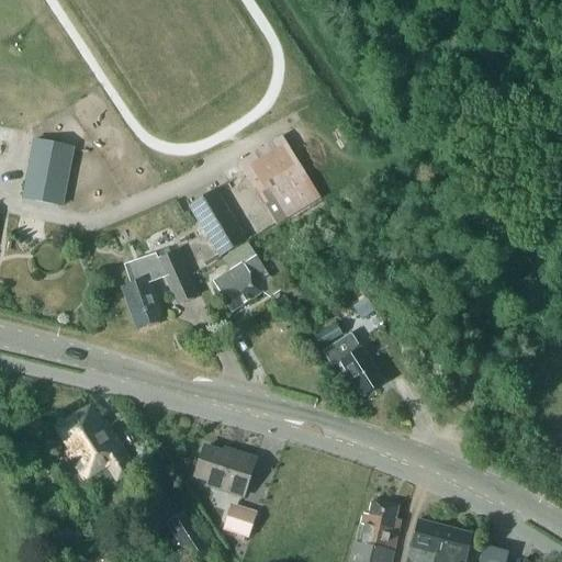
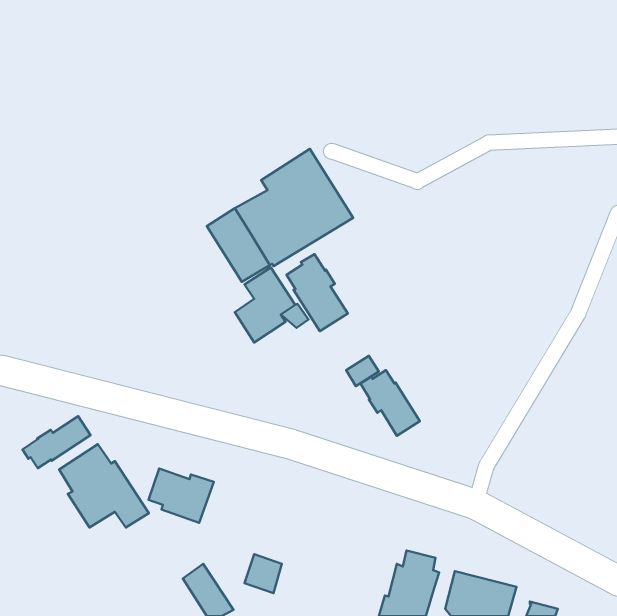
building: [23,139,74,204] -> none
building: none -> [286,254,348,331]
building: [120,250,194,329] -> none
building: none -> [23,416,91,468]
building: [193,445,252,494] -> [148,468,214,523]

